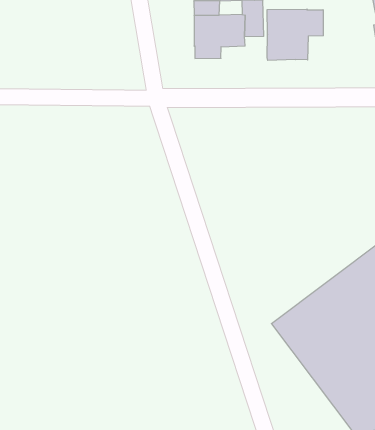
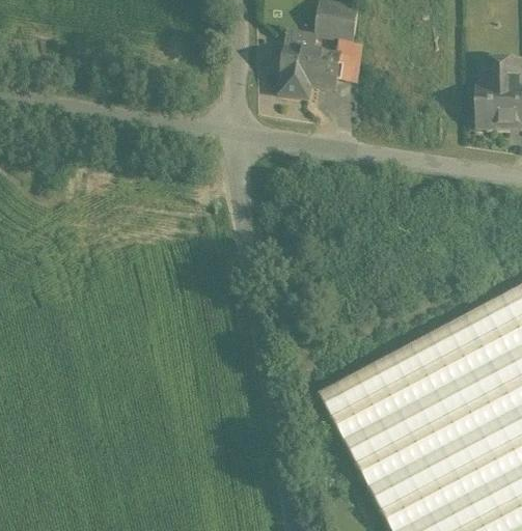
building: [267,9,323,60] -> none

